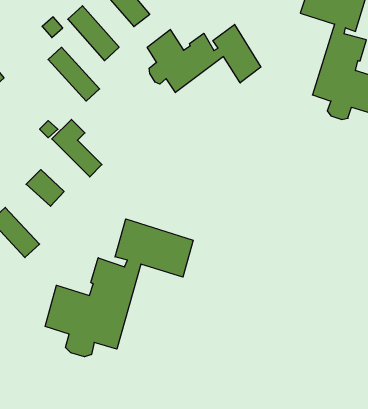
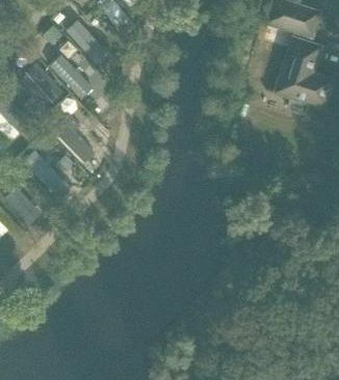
building: [147,24,261,93] -> none
building: none -> [19,61,58,102]
building: [45,219,193,357] -> none

